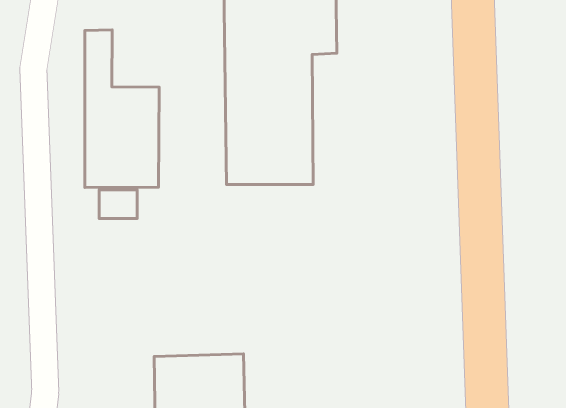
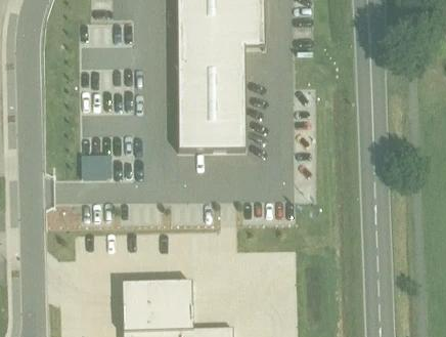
building: [85,30,159,188] -> none

